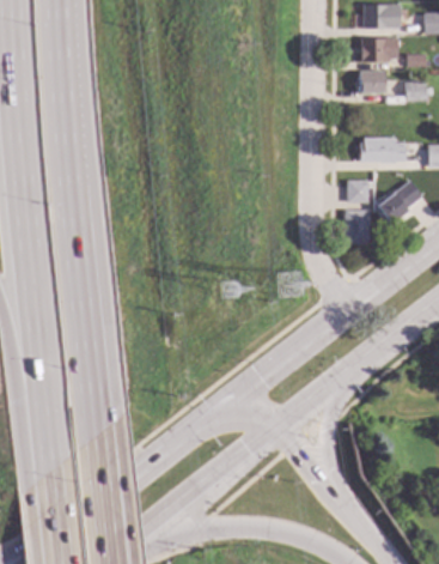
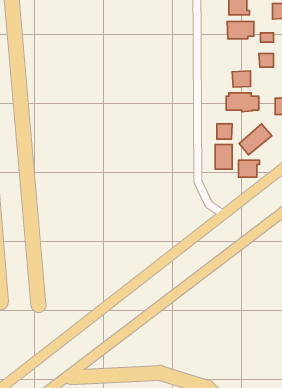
building: [360,69,385,92] -> [232,71,250,87]
building: none -> [239,160,259,177]

